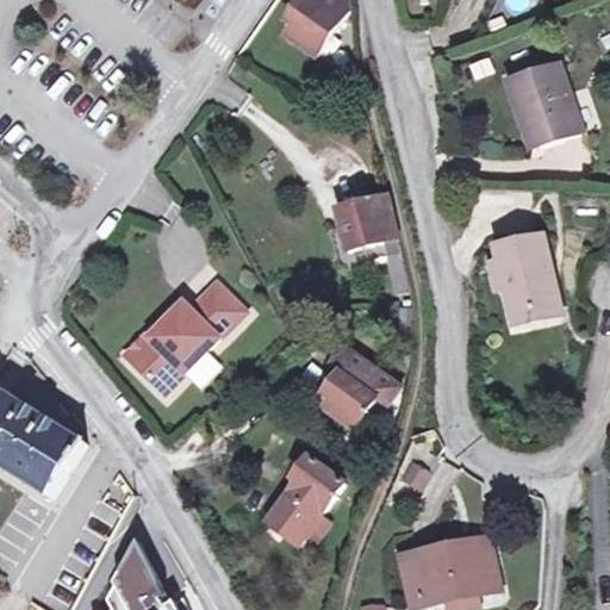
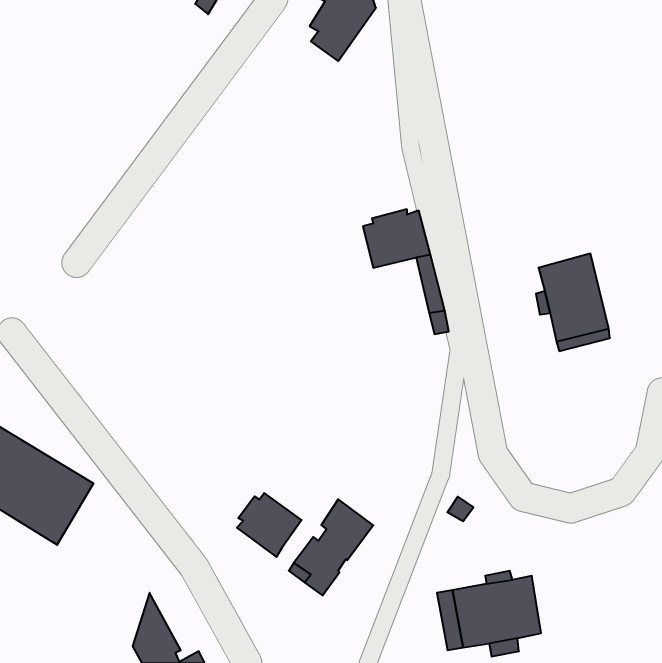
building: [506,58,579,137] -> none
building: [122,282,242,393] -> none
building: [326,347,399,430] -> none
building: none -> [237,493,302,557]

